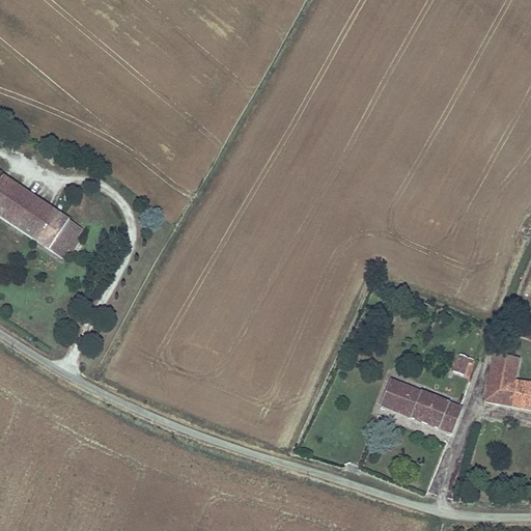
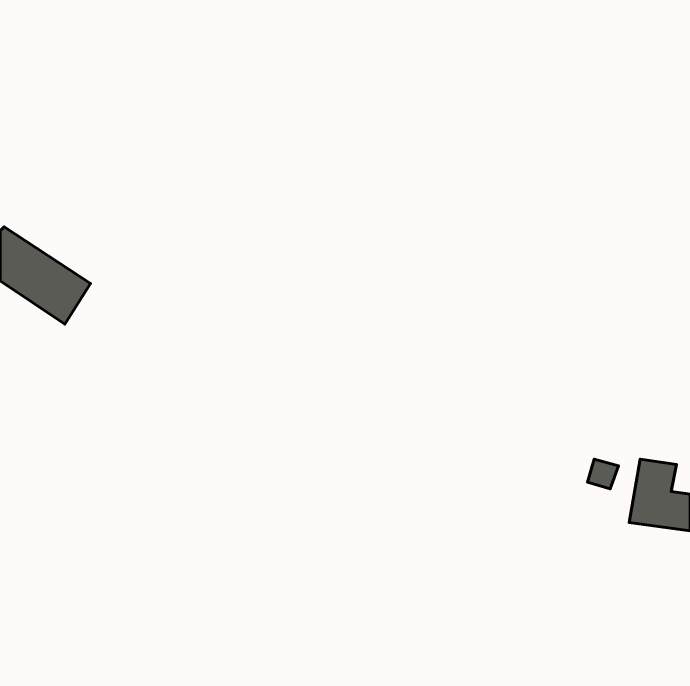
building: [50,218,83,257] -> none
building: [380,378,462,432] -> none

